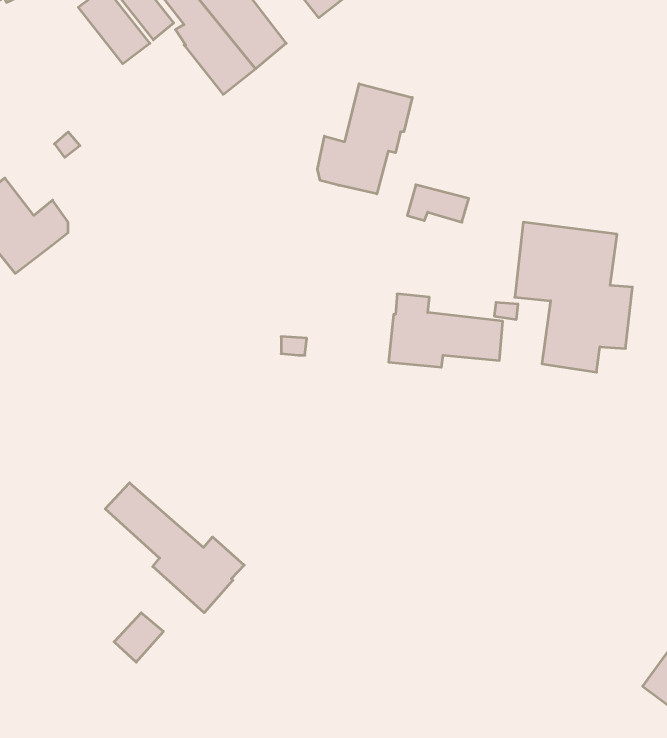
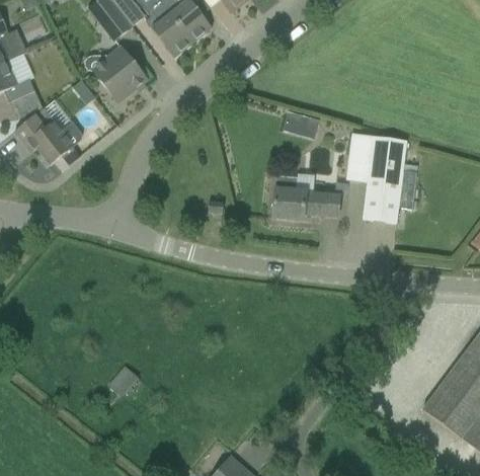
building: none -> [86,46,147,101]
building: [317,84,412,194] -> none
building: [105,483,244,613] -> none

